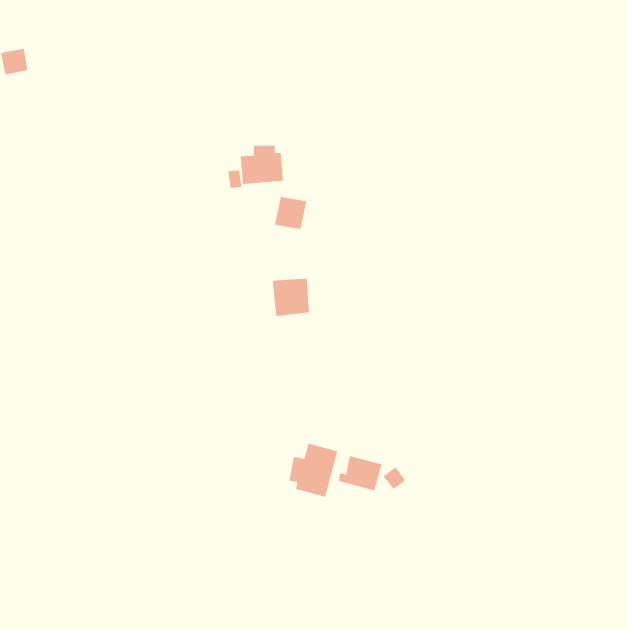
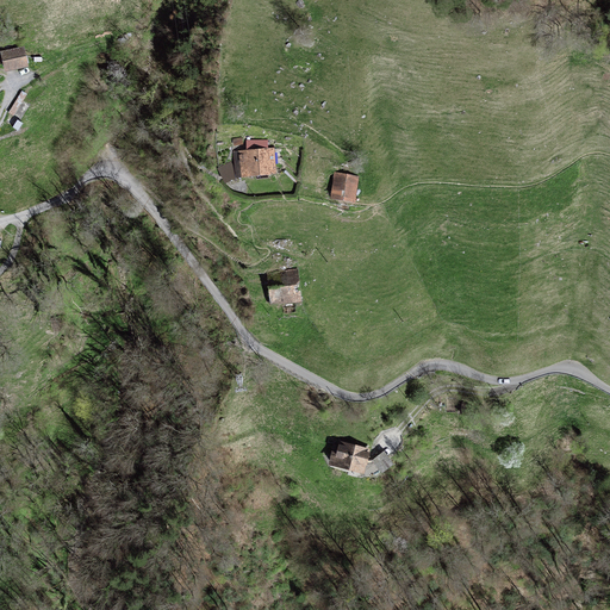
building: [274,196,307,230] -> [328,173,360,205]
building: [289,443,338,498] -> none

